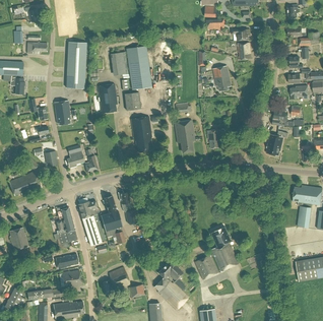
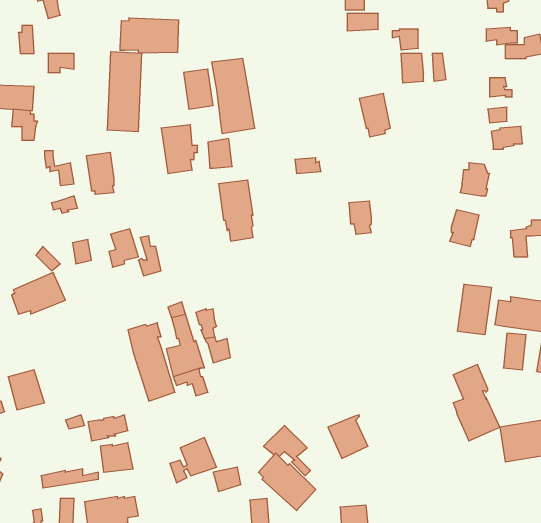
building: none -> [120,18,179,53]
building: [174,119,194,151] -> none
building: none -> [458,284,491,335]
building: [55,206,76,248] -> none
building: [210,226,238,270] -> [453,365,500,441]

